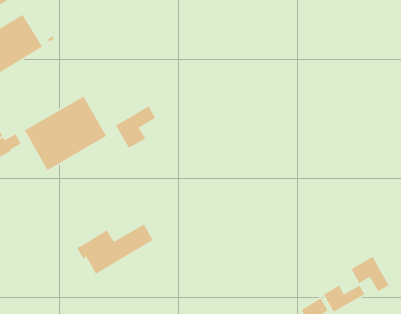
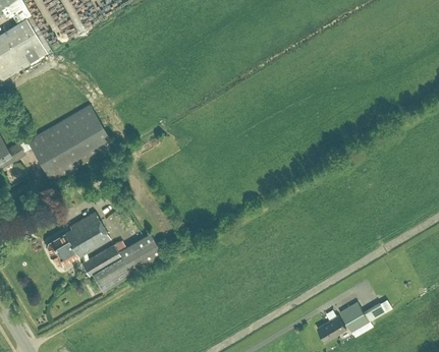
building: [115,105,156,149] -> none
building: none -> [47,212,110,269]
building: [350,256,390,292] -> none

